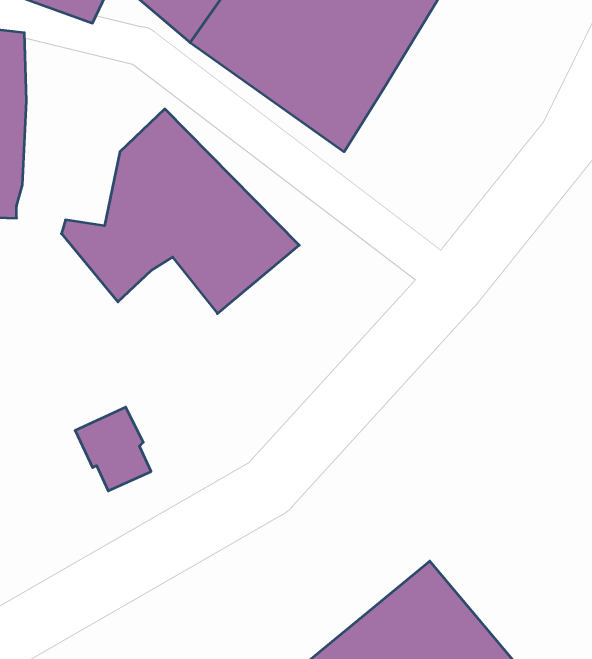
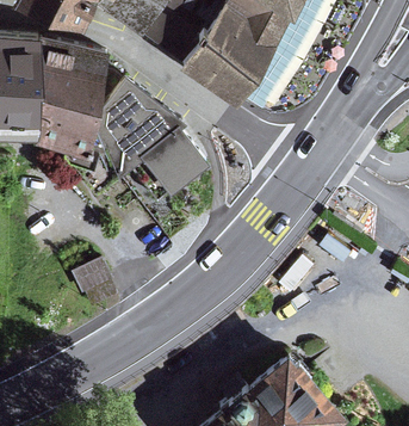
building: none -> [37,31,111,149]

